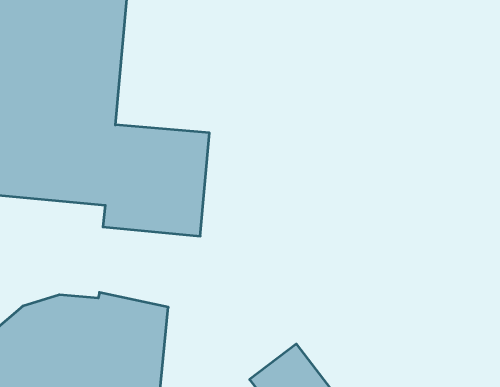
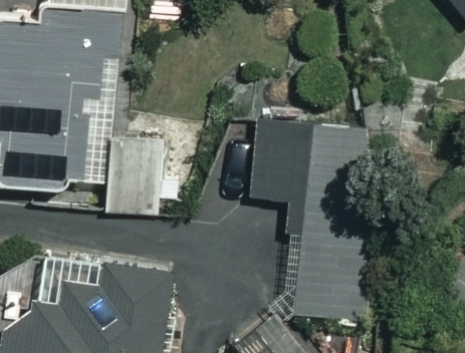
building: none -> [248,119,361,234]

